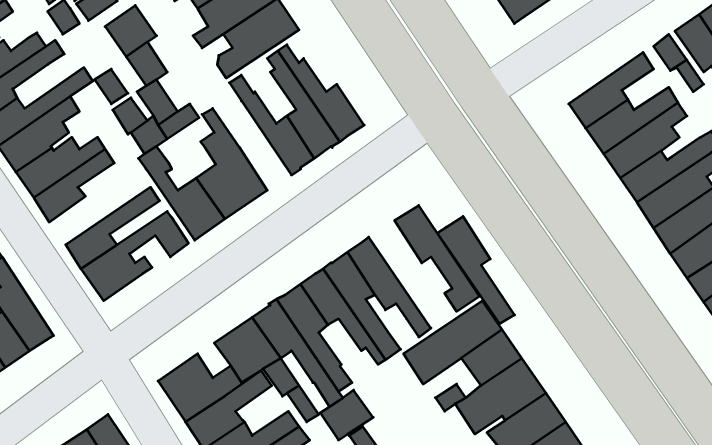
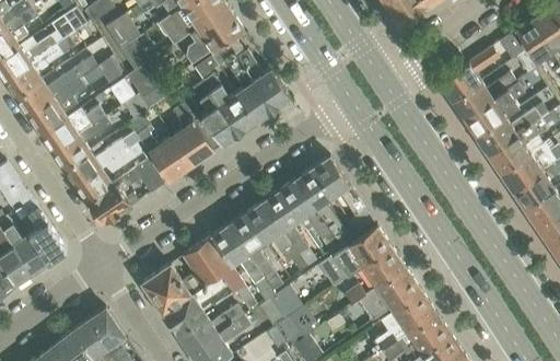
building: none -> [192,82,238,147]
building: none -> [63,131,141,186]
building: [437,216,515,324] -> [294,168,350,246]

